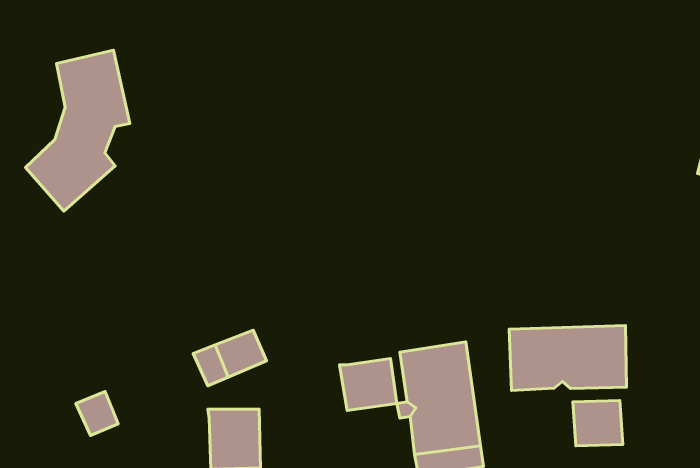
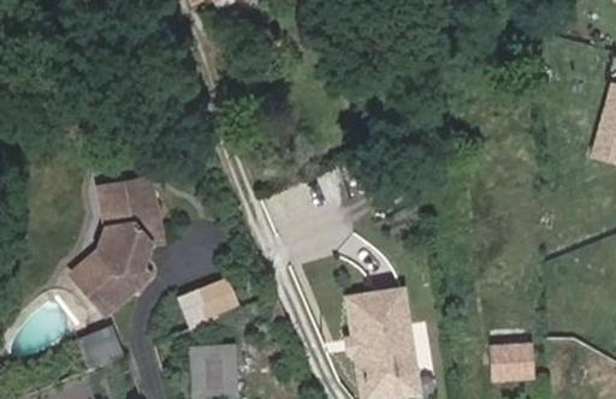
building: [26,50,130,211] -> [70,181,155,314]
building: [509,325,626,390] -> none
building: [339,359,397,411] -> none

